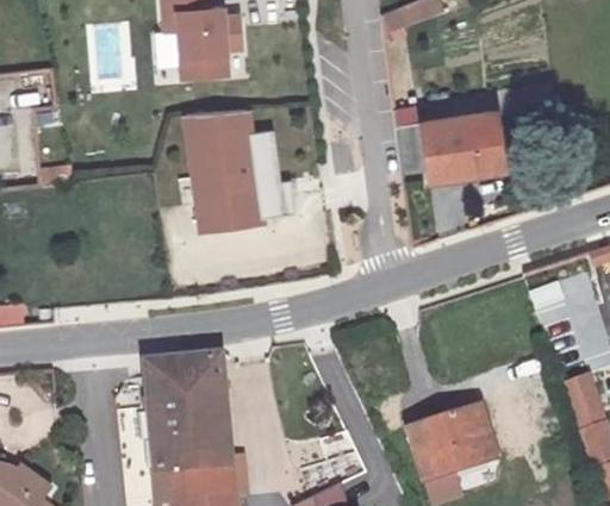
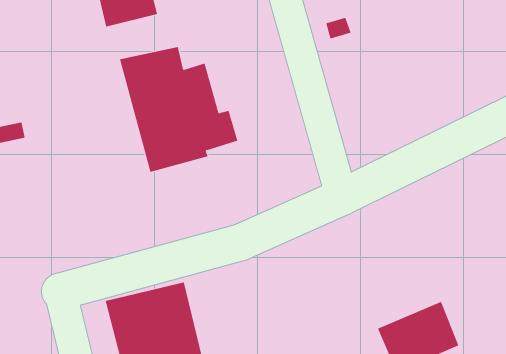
building: [419,113,503,182] -> none

